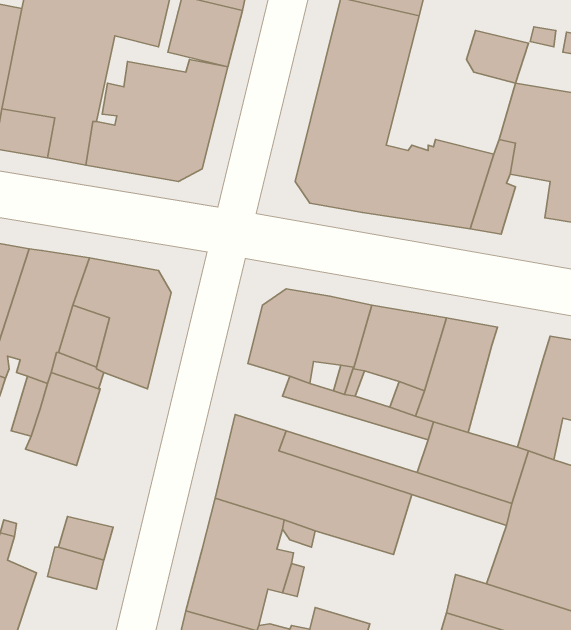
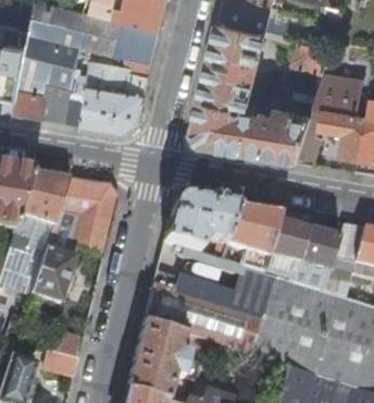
building: none -> [295,231,339,292]
building: none -> [250,320,317,374]

